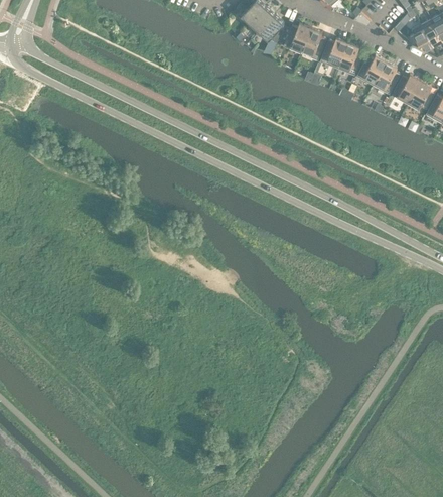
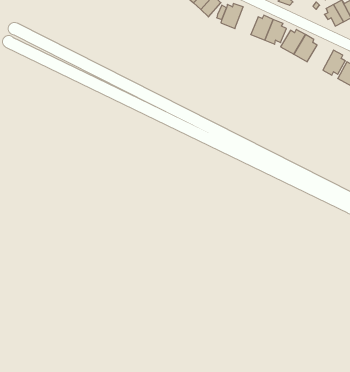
building: [301,28,326,61] -> none
building: [394,75,421,105] -> none

